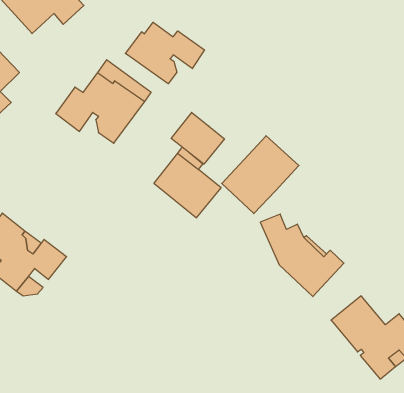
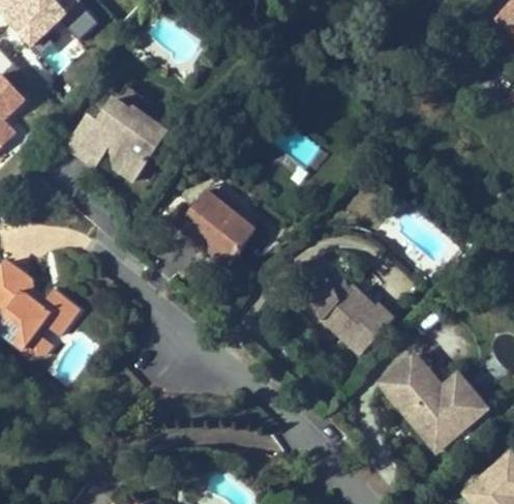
building: [125,22,205,84] -> none
building: [171,112,224,164] -> none
building: [222,136,299,214] -> none

